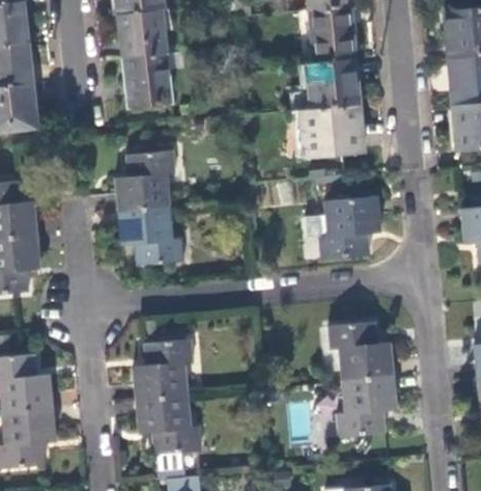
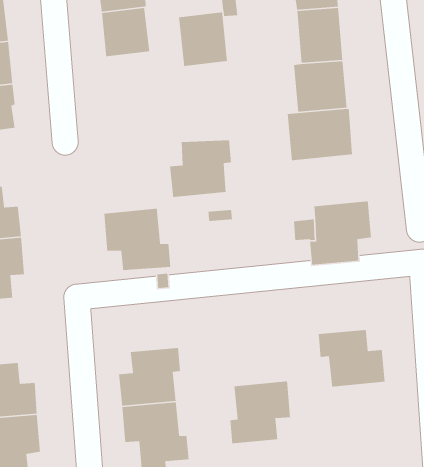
building: [120,51,169,105] -> [178,12,228,67]
building: [115,152,176,209] -> [169,139,232,198]
building: [337,374,397,436] -> [229,381,291,444]

